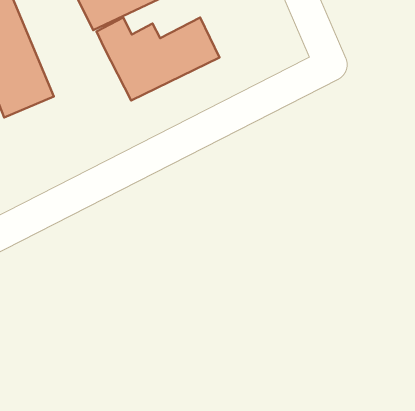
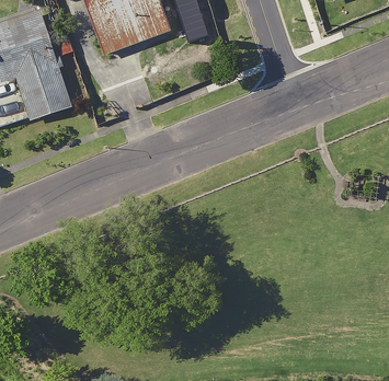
building: [96,18,220,101] -> none

